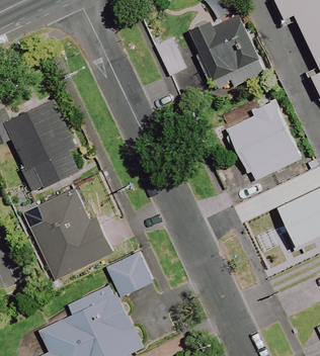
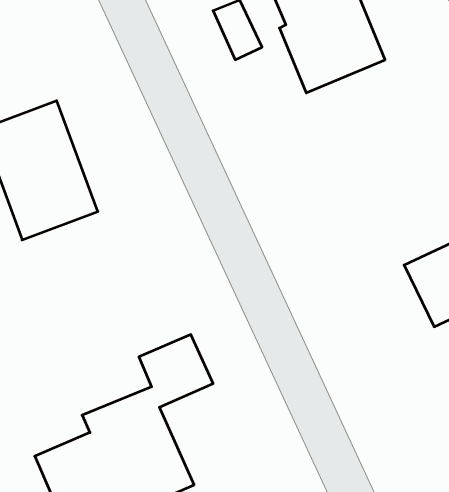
building: [227,102,299,180] -> none
building: [24,190,111,279] -> none

